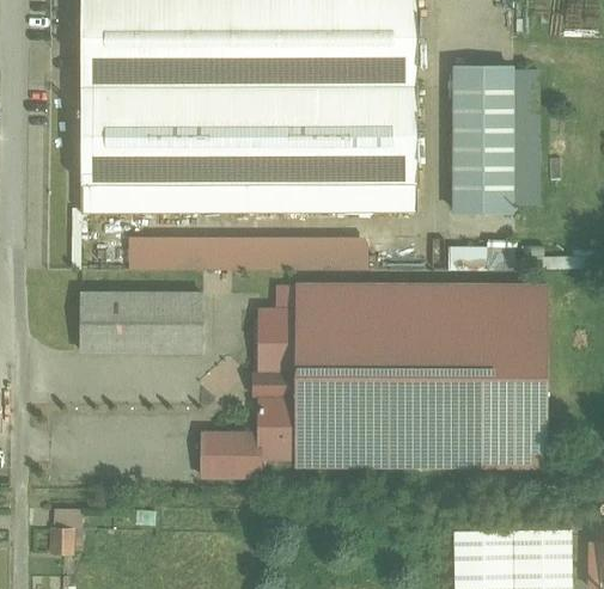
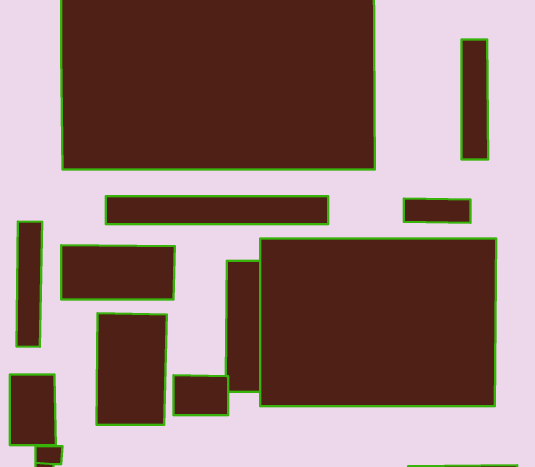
building: [454,67,511,211] -> none
building: none -> [17,222,42,347]
building: none -> [96,313,167,425]
building: none -> [10,375,56,445]

